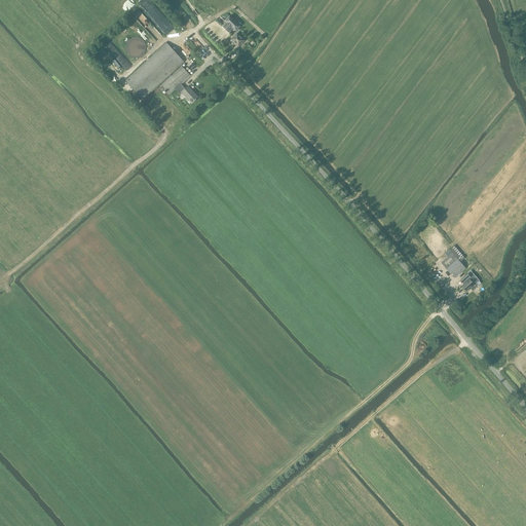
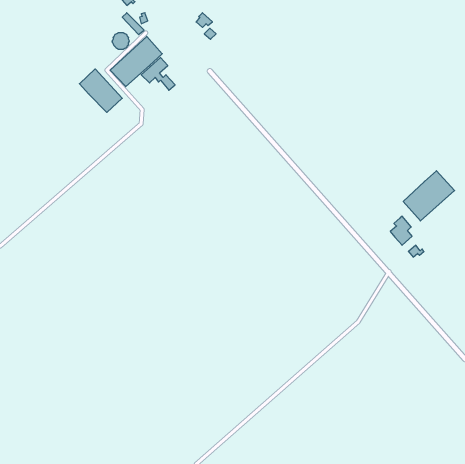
building: none -> [79,69,122,112]
building: none -> [403,171,455,221]

